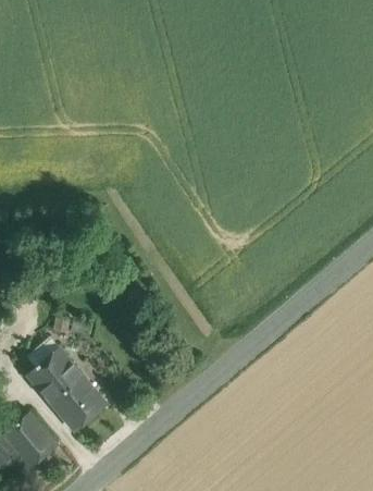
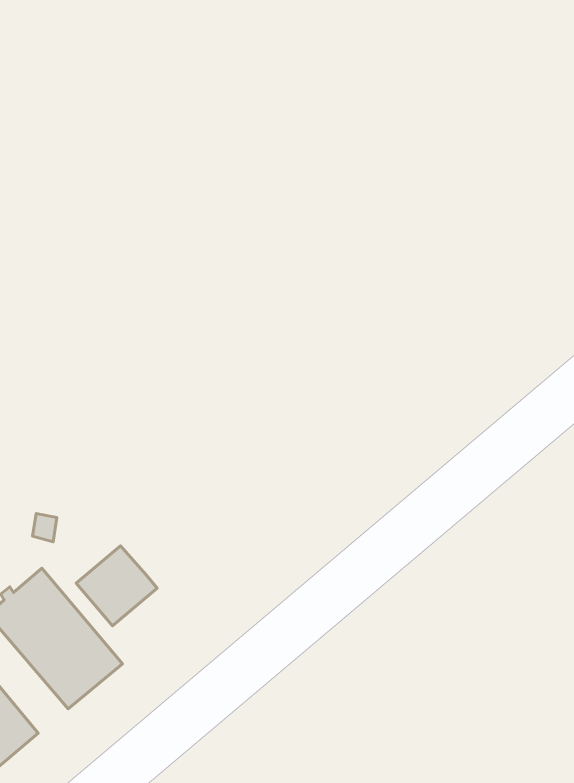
building: none -> [76,546,157,626]

